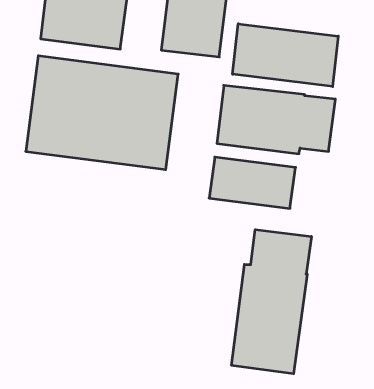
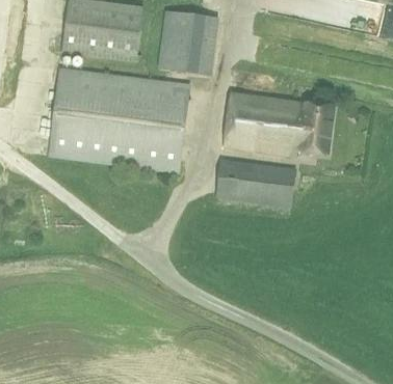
building: [233,24,338,87] -> none
building: [232,230,311,374] -> none

